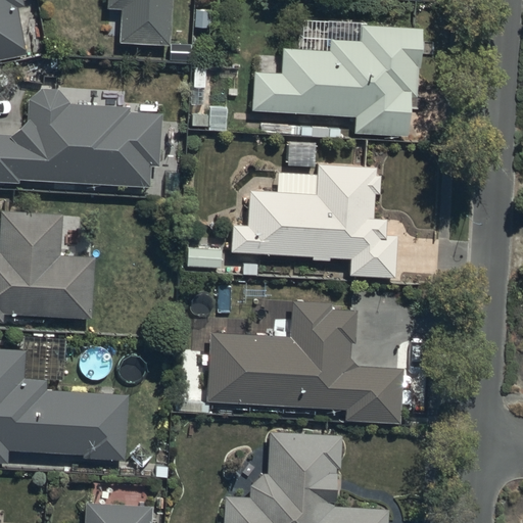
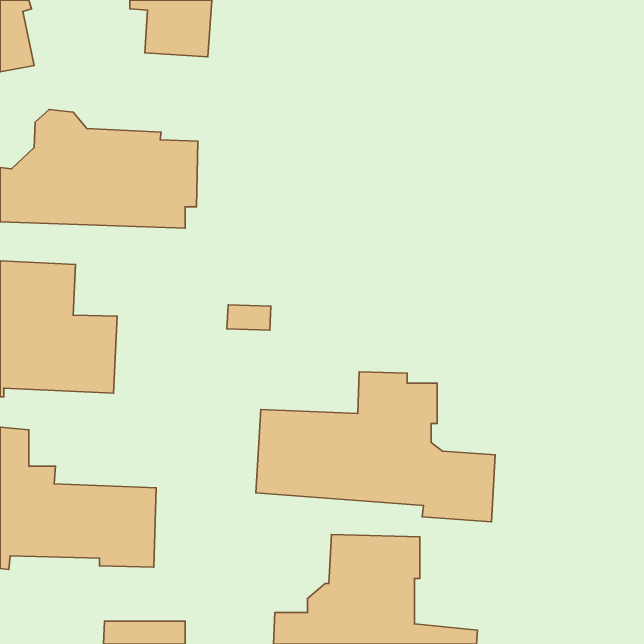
building: [249,26,423,138] -> none
building: [231,163,396,279] -> none

